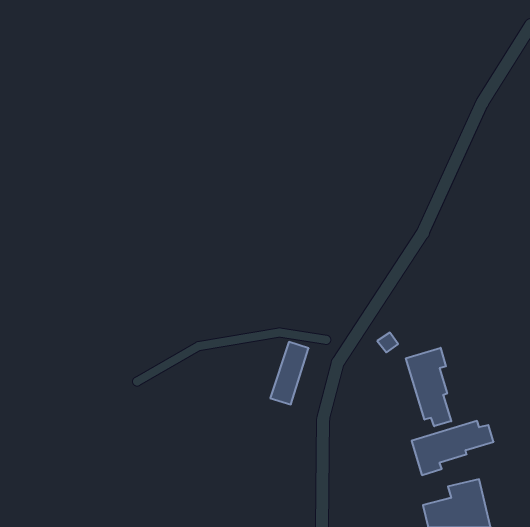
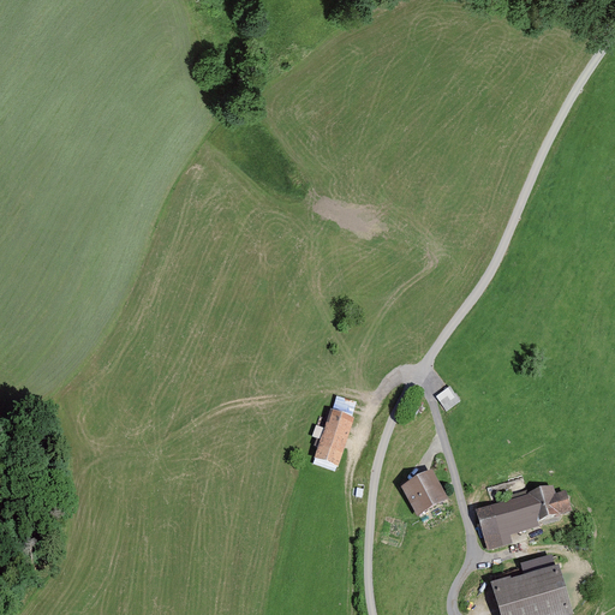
building: [406,348,451,426] -> none
building: none -> [400,471,446,513]

